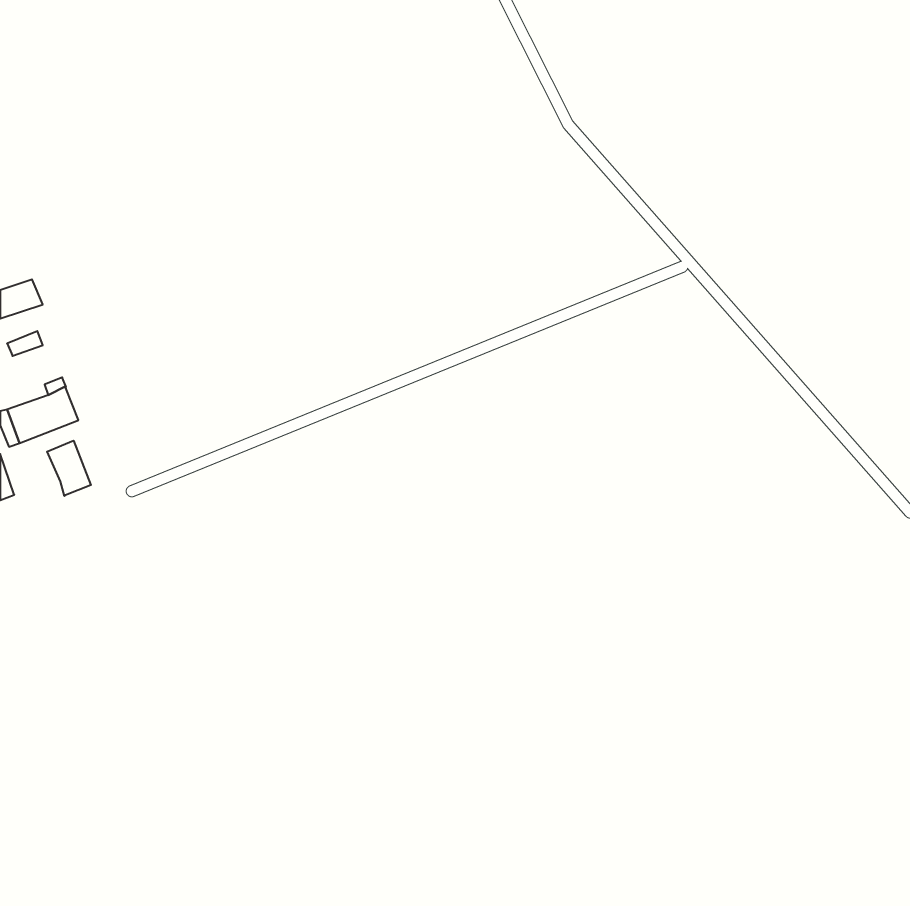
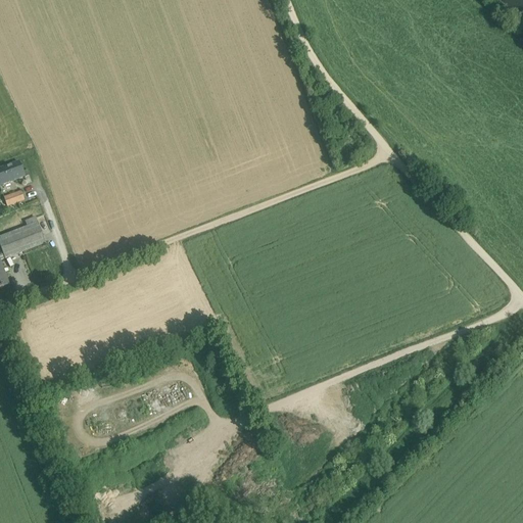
building: [47,441,91,496] -> none

